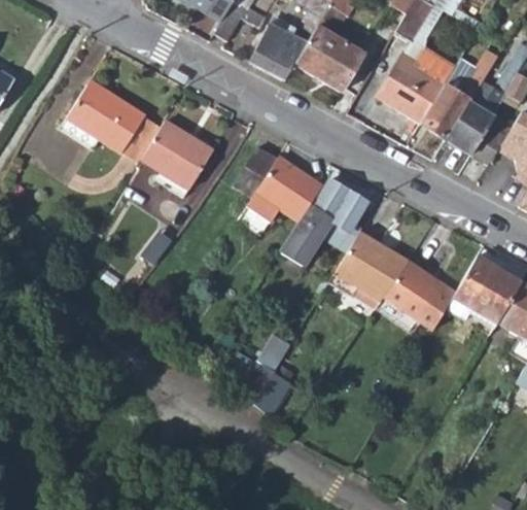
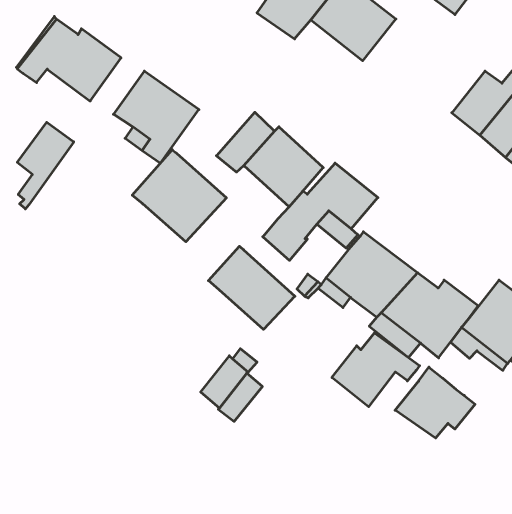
building: [378,50,455,124] -> none
building: none -> [17,122,74,209]
building: none -> [132,150,226,242]
building: none -> [208,246,295,329]
building: none -> [332,333,420,407]
building: none -> [395,367,475,438]

